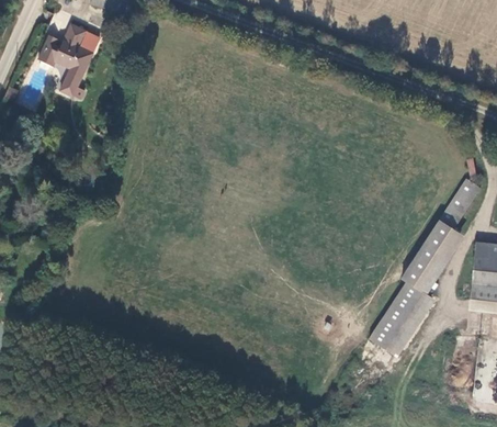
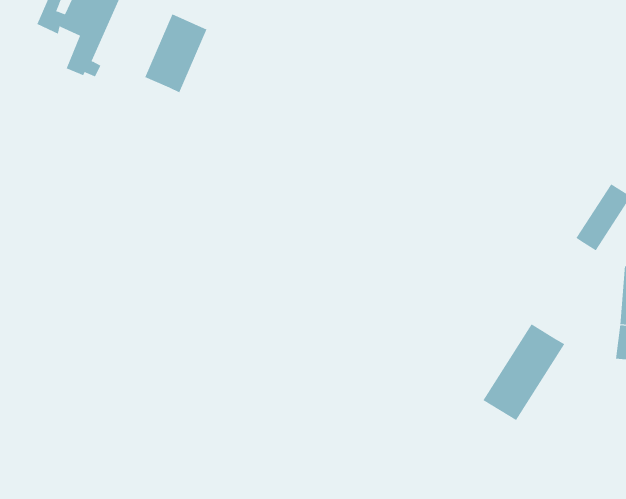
building: none -> [145,13,207,93]
building: [403,221,461,293] -> none

